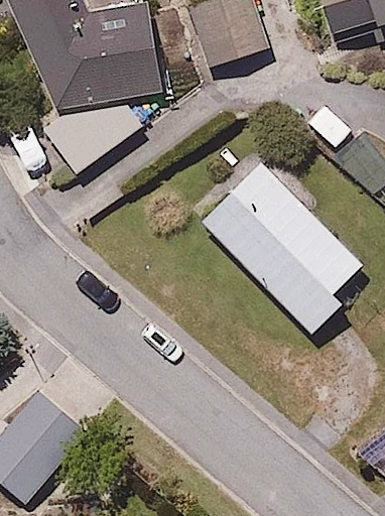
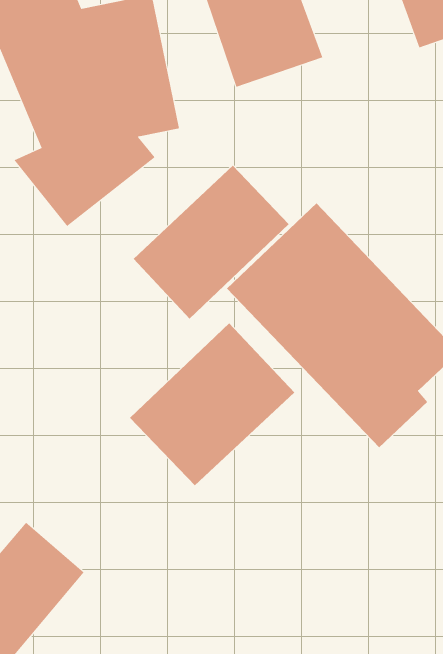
building: none -> [133,165,290,319]
building: none -> [129,323,295,486]

